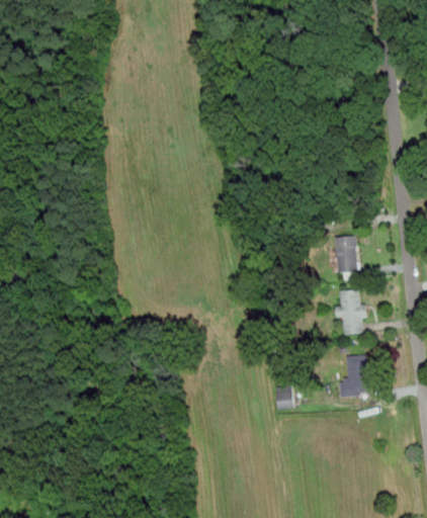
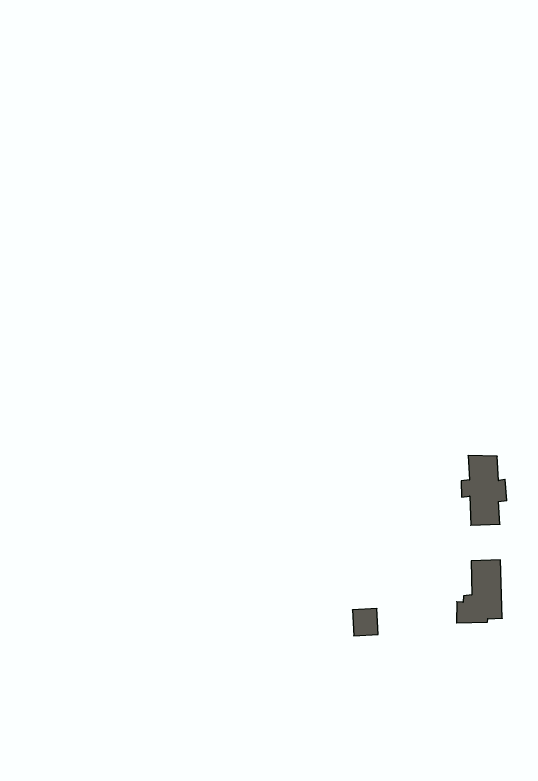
building: [335,236,357,271] -> none

